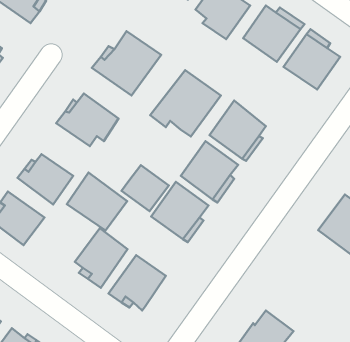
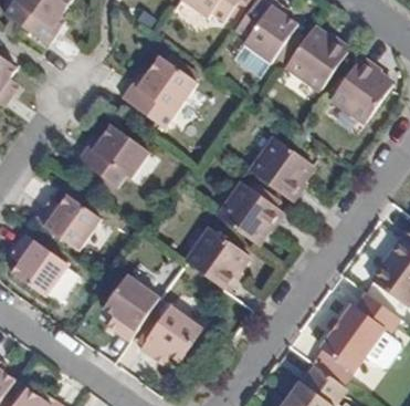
building: [150,70,221,137] -> none
building: [121,165,169,211] -> none
building: [67,173,127,231] -> none
building: none -> [325,293,402,368]

